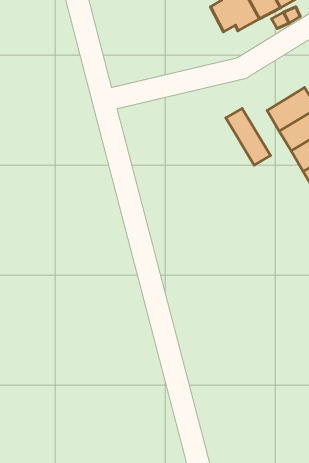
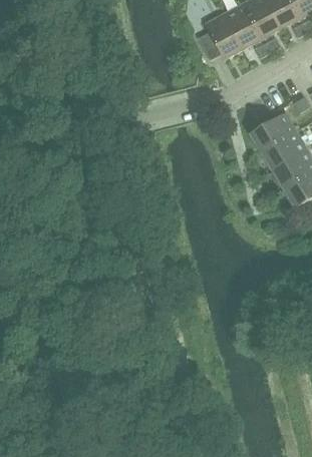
building: [226,108,270,165] -> none

